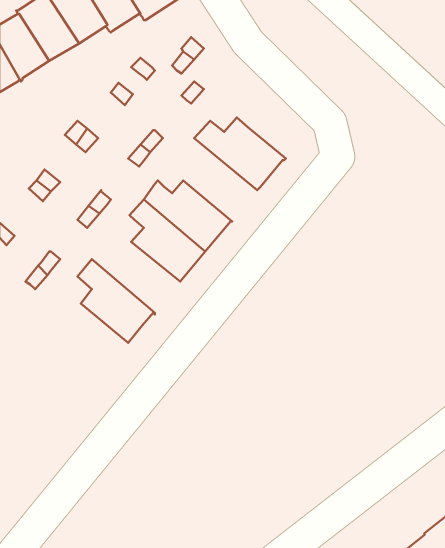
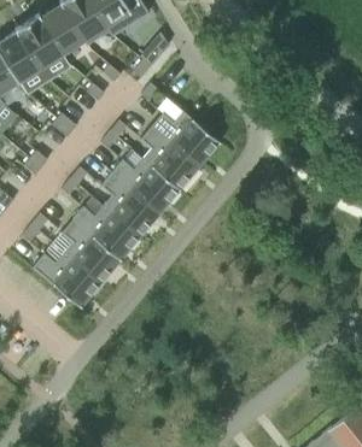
building: none -> [140,127,199,190]
building: none -> [72,206,140,260]
building: none -> [33,253,100,308]

